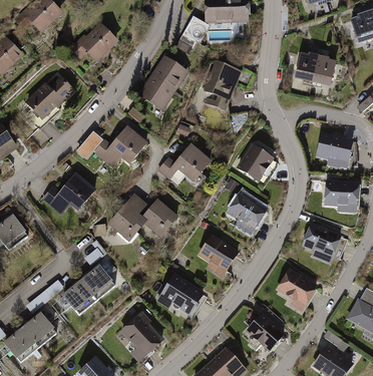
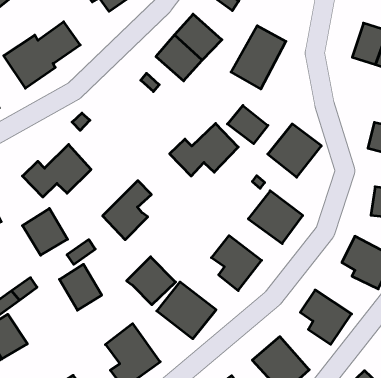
building: [92,126,147,169] -> none
building: none -> [227,105,268,144]
building: [139,200,178,238] -> [127,257,176,305]
building: [59,281,96,319] -> [22,208,68,255]

